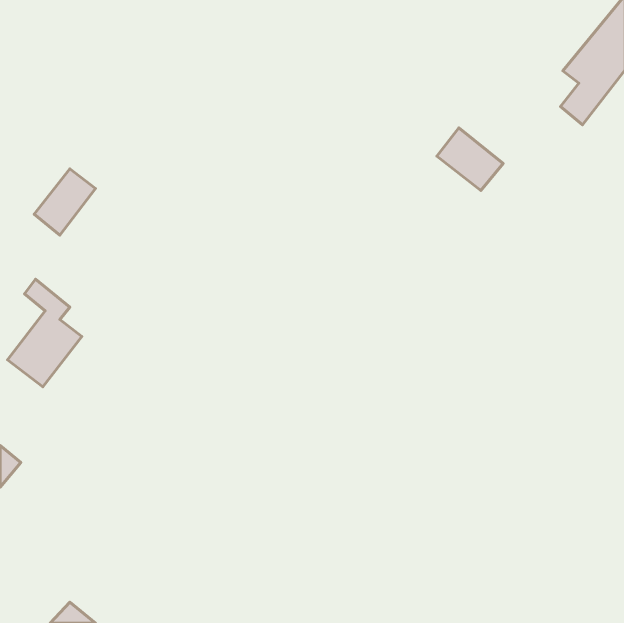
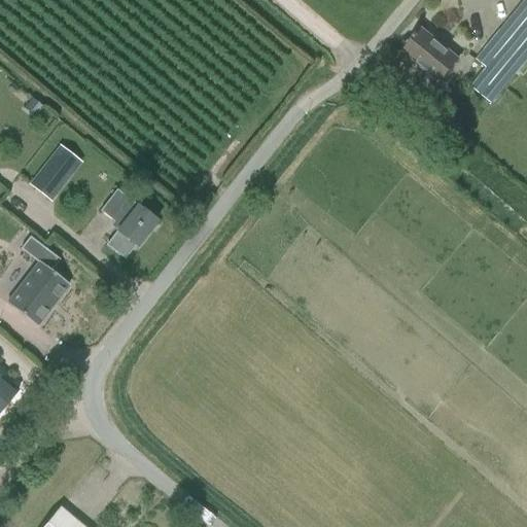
building: [437,128,503,190] -> [403,28,459,80]
building: none -> [102,190,157,257]

